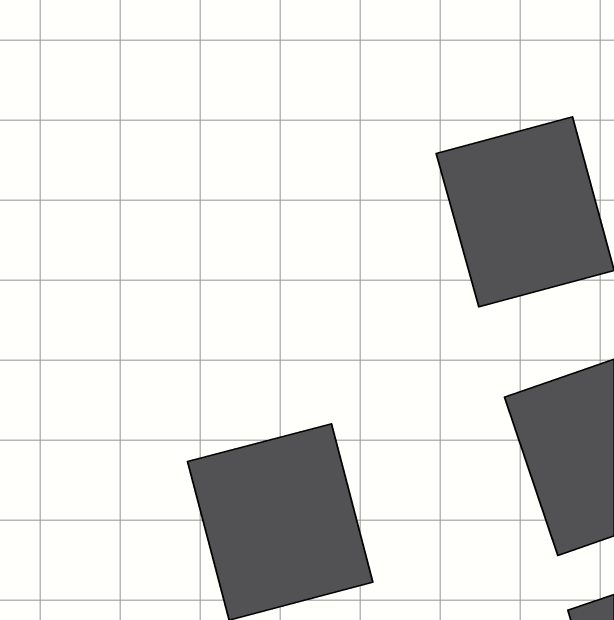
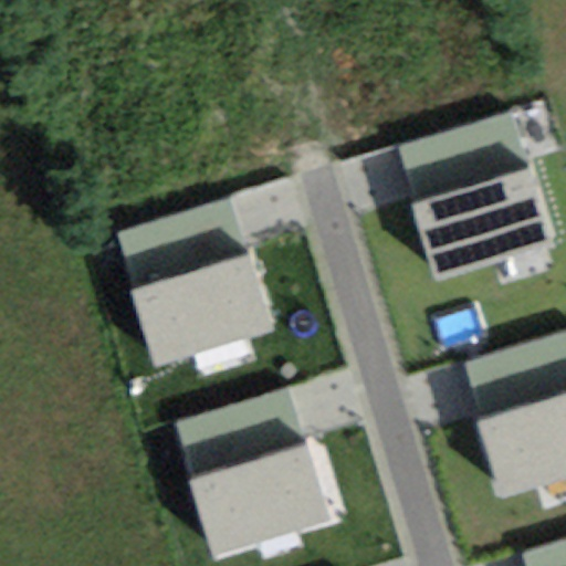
building: none -> [111,192,283,377]

